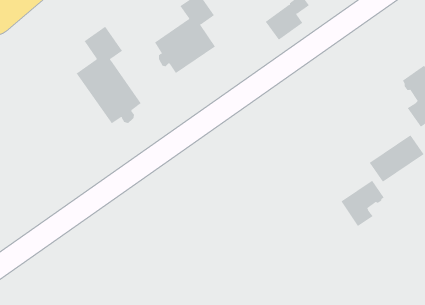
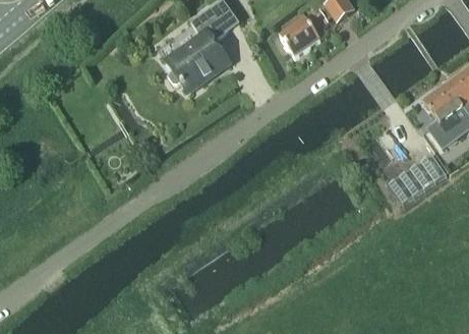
building: [76,26,141,124] -> none
building: [340,180,384,227] -> none

